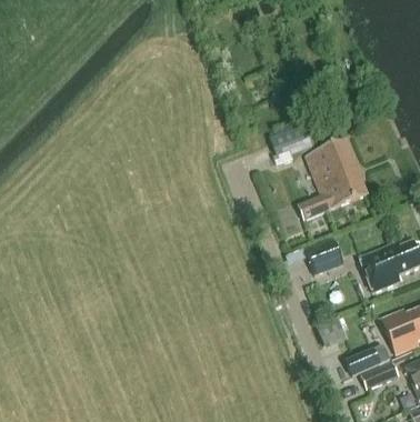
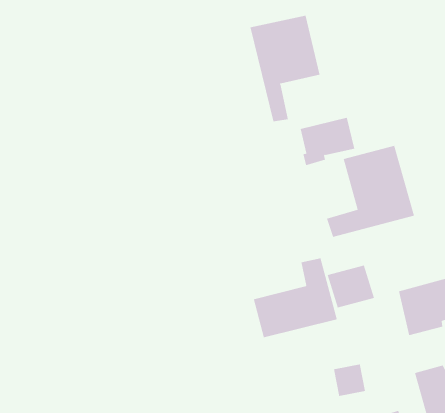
building: none -> [250,15,320,122]
building: none -> [253,257,337,338]

